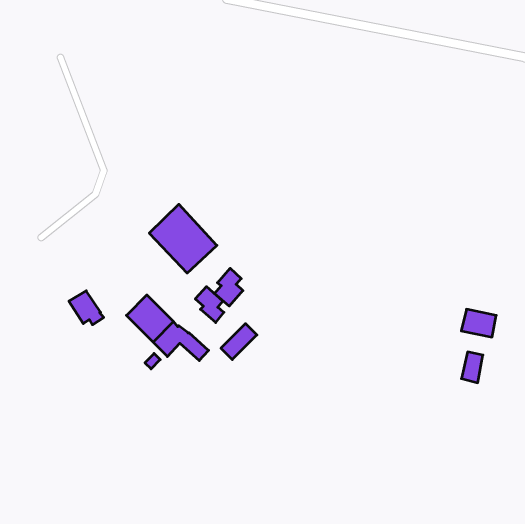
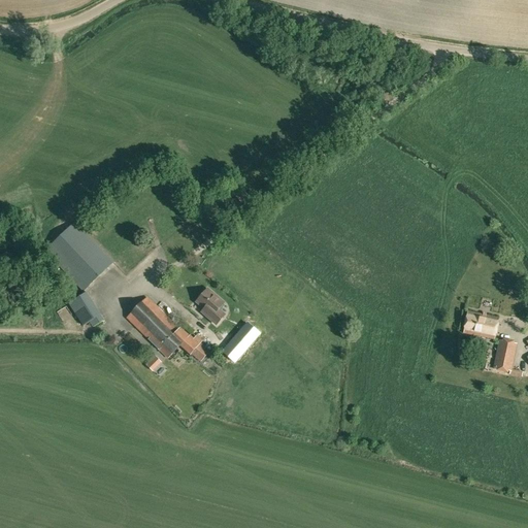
building: [149,204,217,273] -> [45,221,113,290]
building: [214,268,243,306] -> none
building: [461,352,483,383] -> [494,339,516,370]

